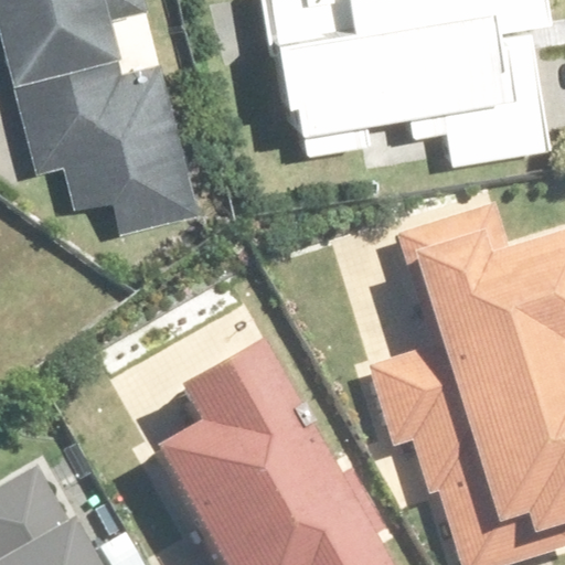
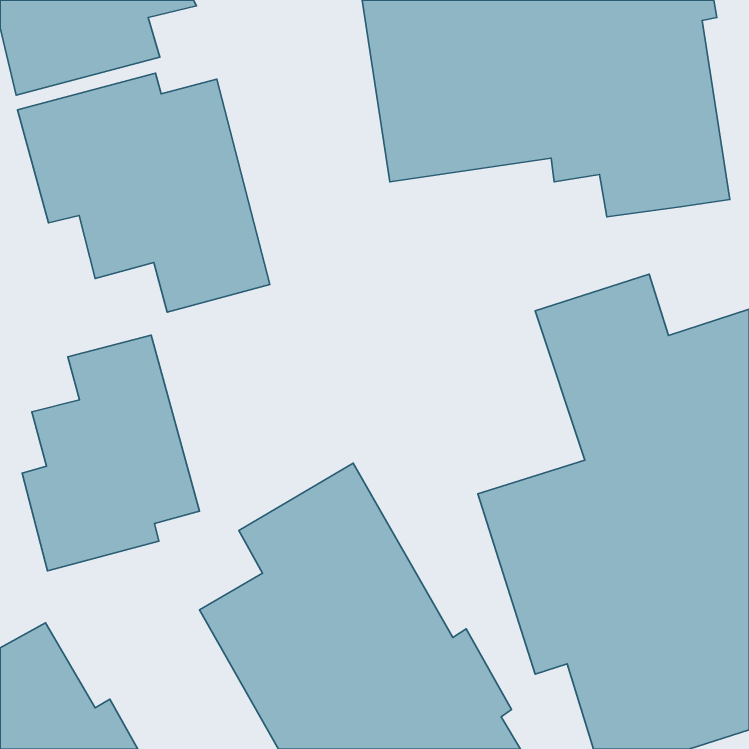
building: none -> [22,335,200,571]

